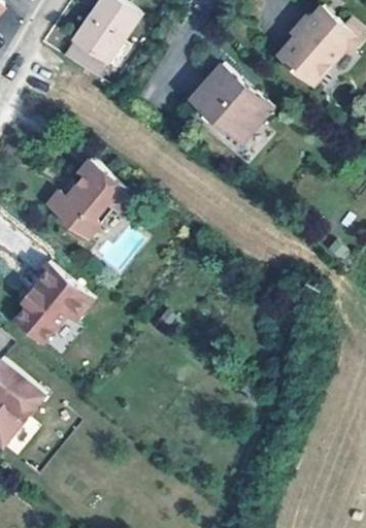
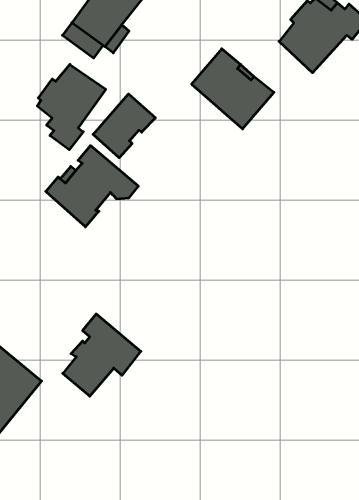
building: none -> [37,64,106,150]
building: none -> [93,94,155,158]
building: [12,262,90,343] -> [63,314,141,396]

